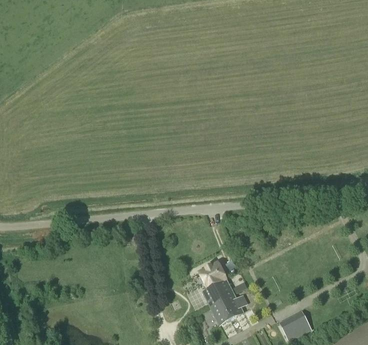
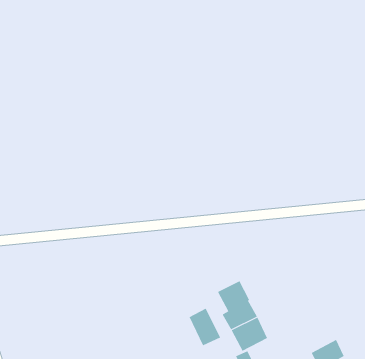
building: none -> [189,308,221,346]

